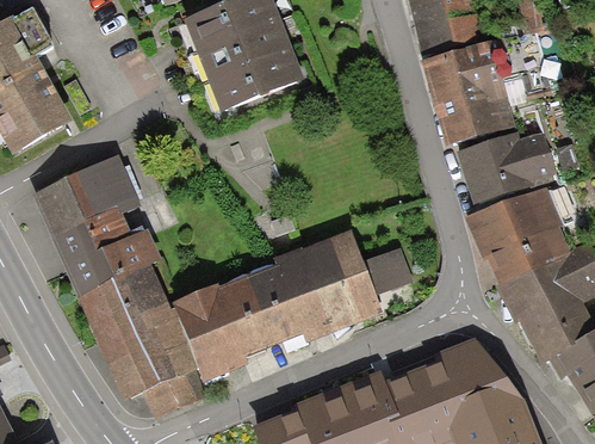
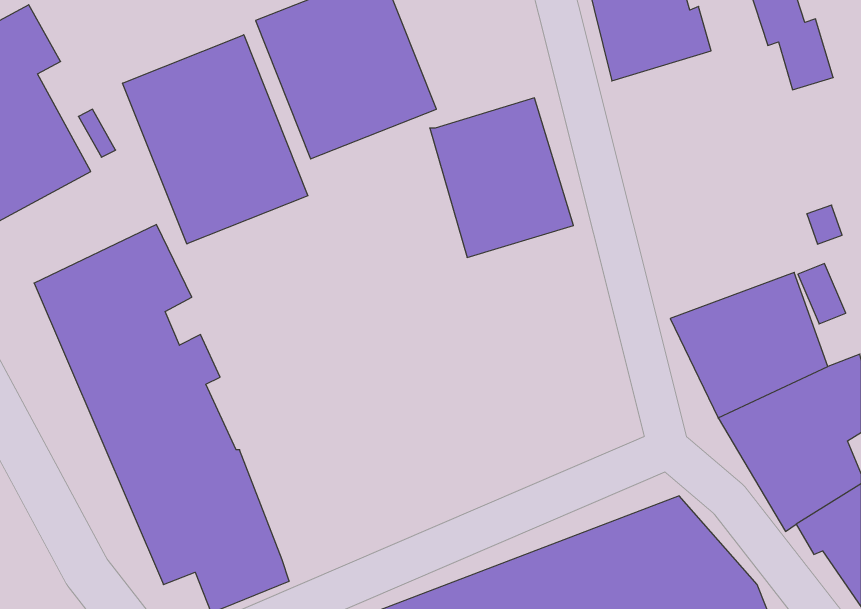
building: none -> [123,35,308,244]
building: [421,38,517,146] -> [430,98,573,257]
building: [454,130,558,205] -> none
building: [172,227,415,381] -> none

